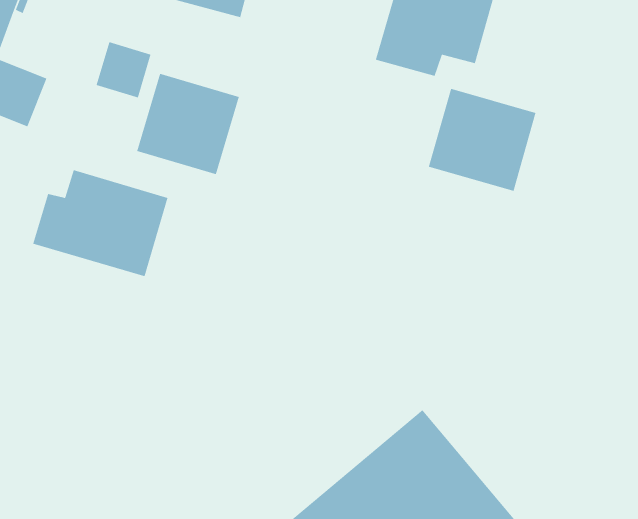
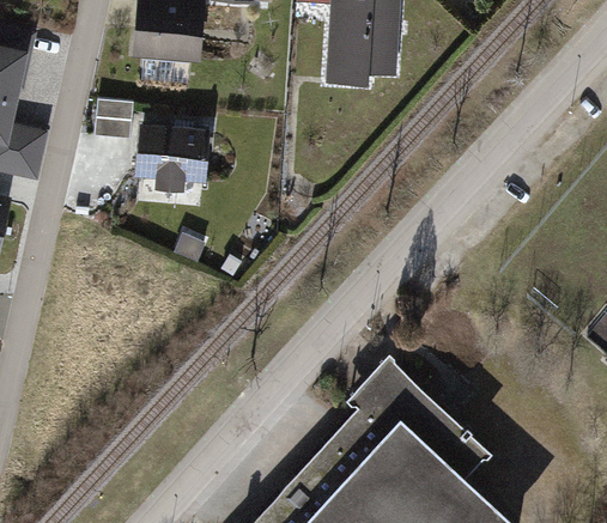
building: [428,88,537,192] -> none
building: [32,169,168,277] -> none

